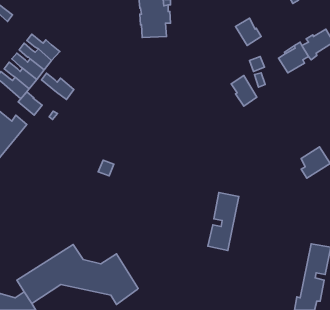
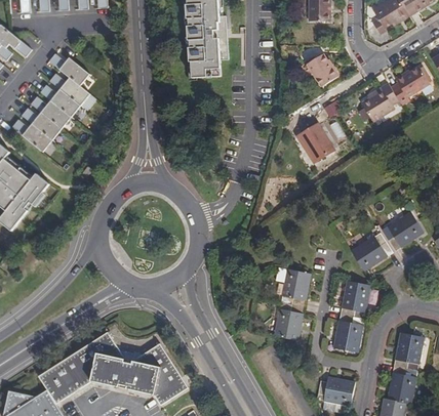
building: [41,73,74,100] -> [48,53,88,86]
building: [18,92,42,115] -> none
building: none -> [350,233,392,272]
building: none -> [332,281,369,351]
building: none -> [315,376,353,406]

